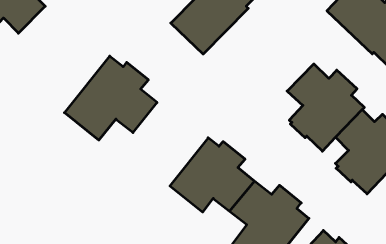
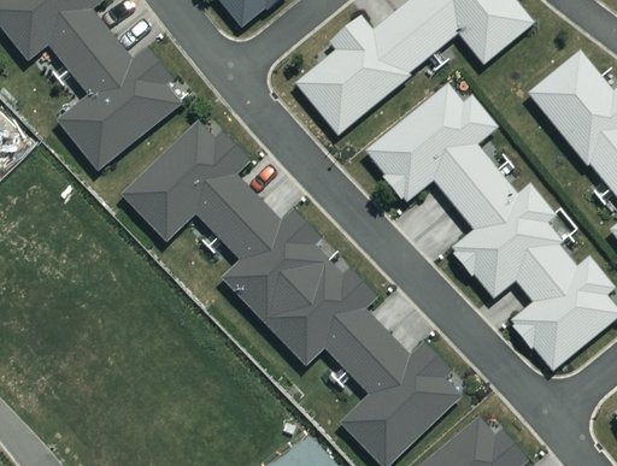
building: none -> [55,34,181,170]
building: none -> [365,83,498,203]
building: none -> [218,196,328,322]

